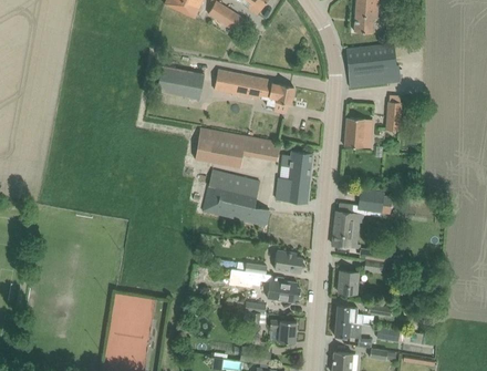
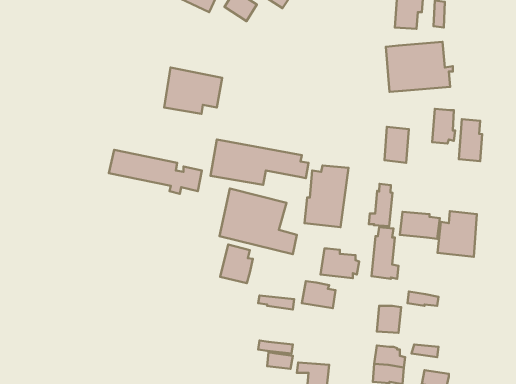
building: [214,70,293,107] -> [109,150,202,194]
building: none -> [459,119,482,161]
building: none -> [369,184,393,226]
building: none -> [437,211,477,257]
building: none -> [220,244,253,283]
building: [267,277,300,302] -> [321,249,359,278]

